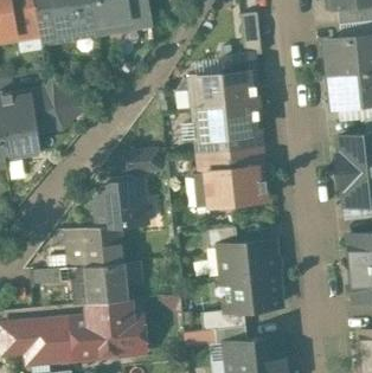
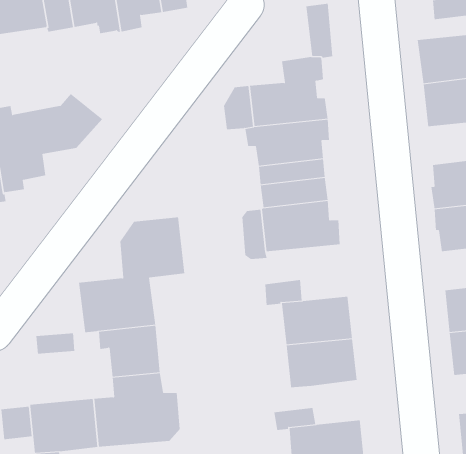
building: [120,149,161,174] -> none
building: [203,310,246,332] -> none

